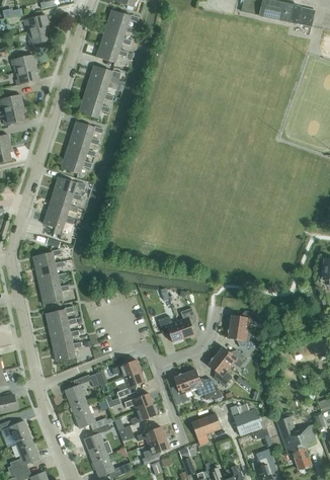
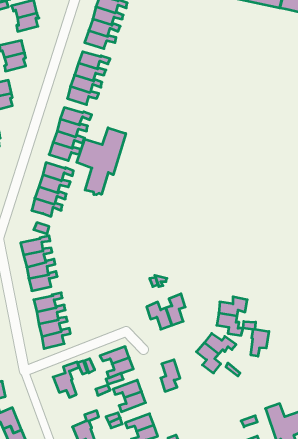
building: none -> [77,128,126,195]
building: none -> [243,321,269,356]
building: [185,369,219,396] -> none
building: [71,403,108,428] -> none
building: [230,405,262,435] -> none
building: [191,413,221,436] -> none

